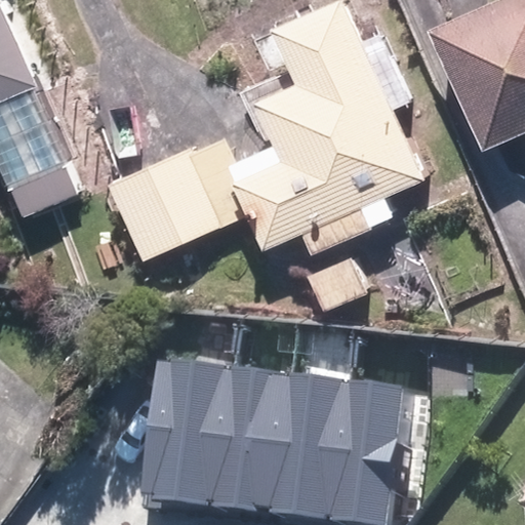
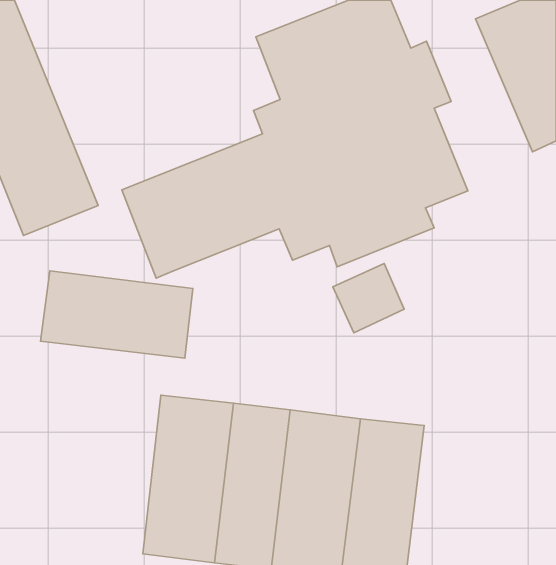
building: none -> [41,271,193,358]

